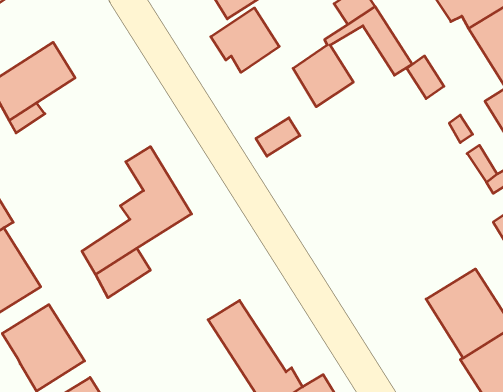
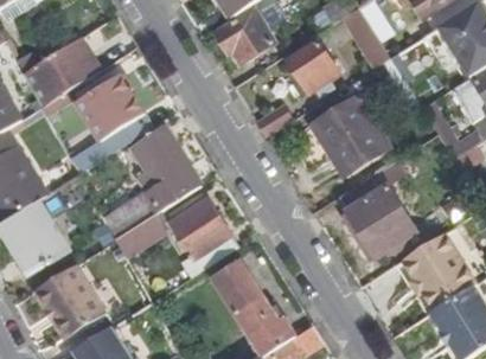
building: none -> [70,75,142,172]
building: none -> [312,98,385,174]
building: none -> [338,161,415,256]
building: none -> [170,200,237,277]

